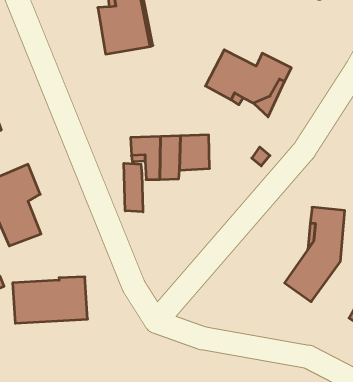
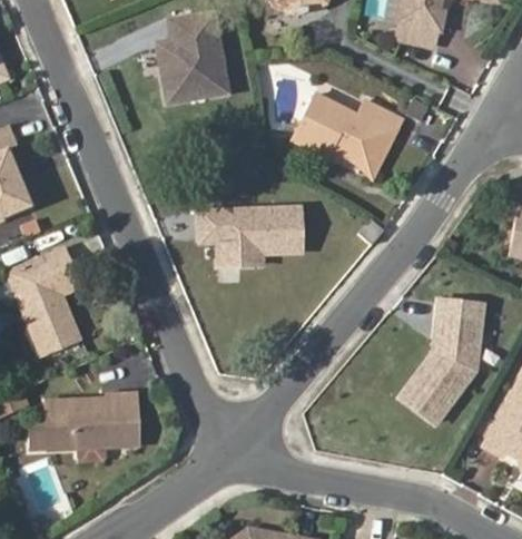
building: [124,163,143,212] -> none

